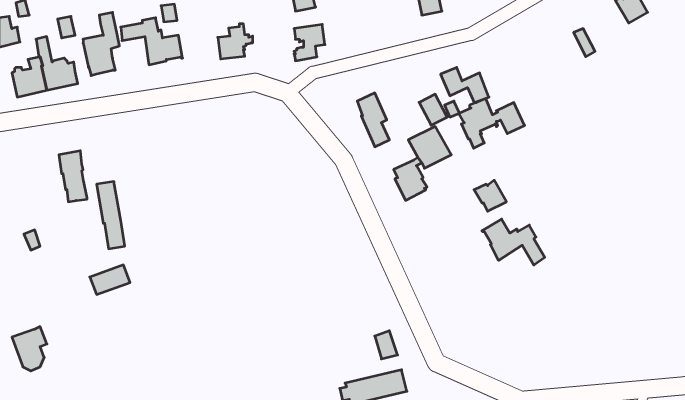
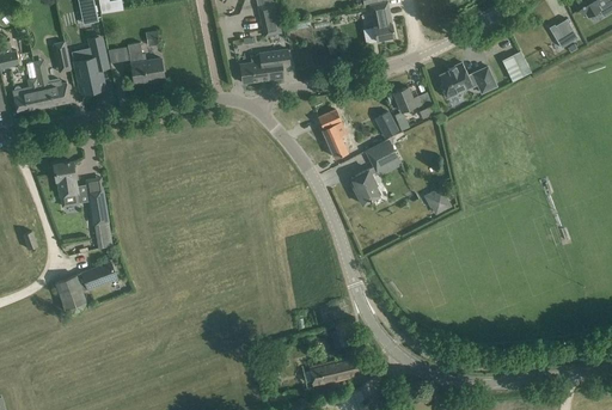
building: [218,24,253,59] -> [239,51,270,82]
building: [459,99,525,148] -> [437,62,496,106]
building: [482,219,545,265] -> none
building: [12,327,47,371] -> [55,273,86,312]

